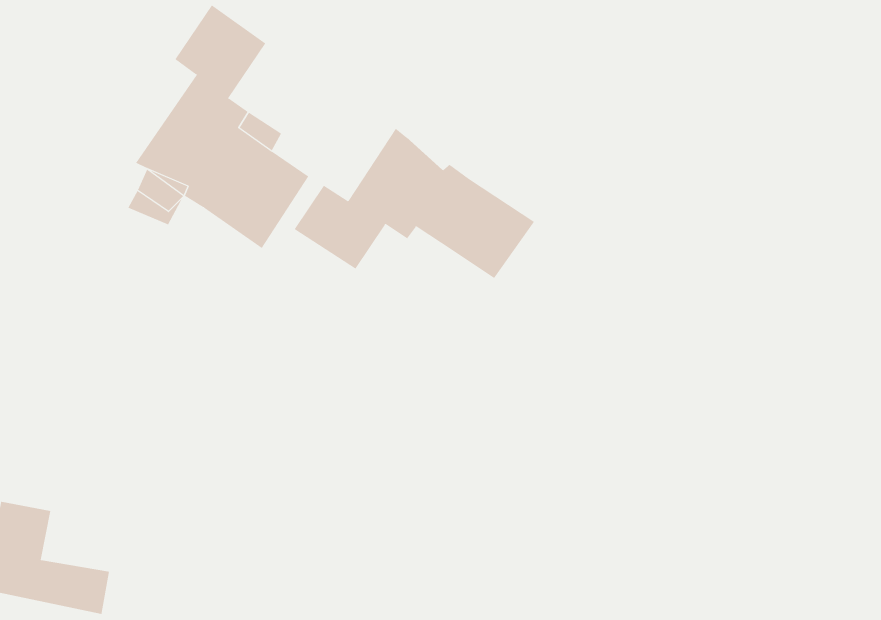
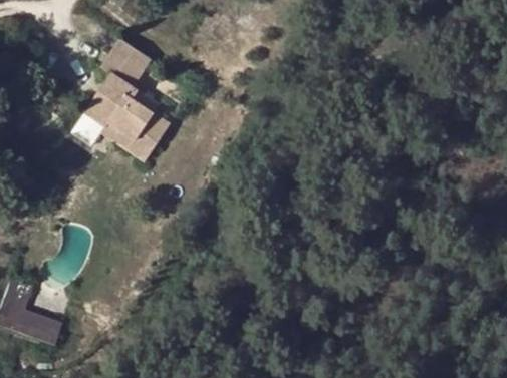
building: [294,128,535,279] -> none

